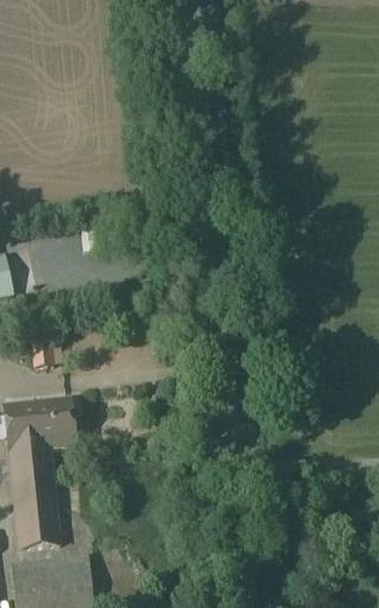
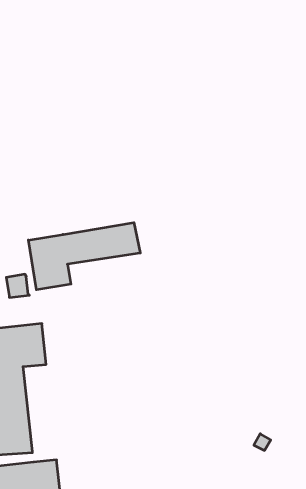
building: none -> [28,223,140,290]

